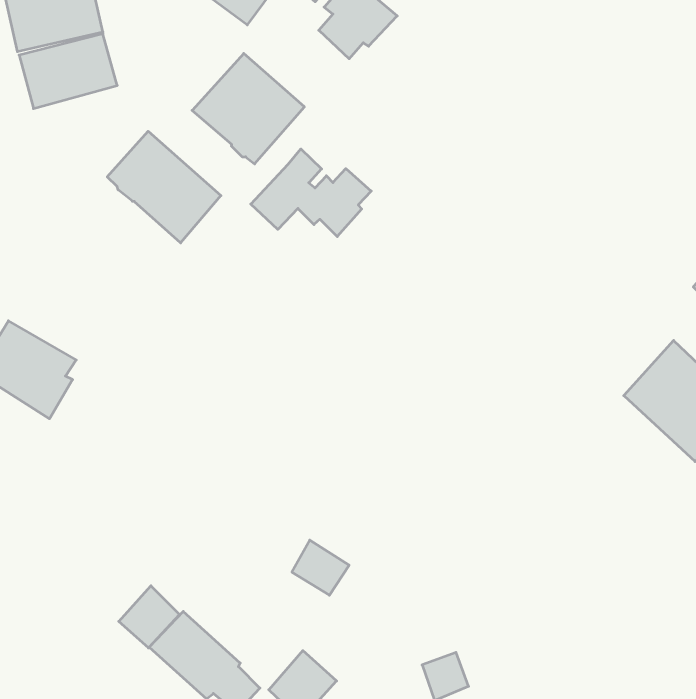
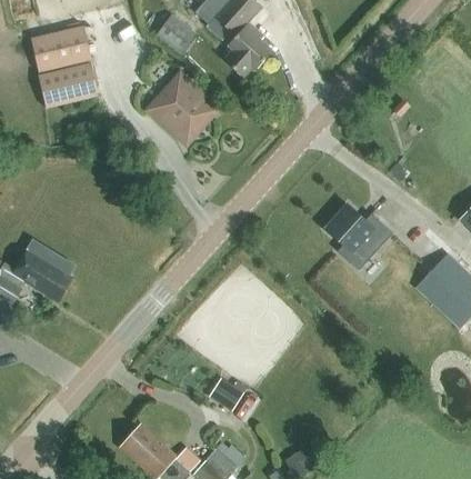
building: [107,131,221,243] -> none
building: [251,149,371,237] -> none
building: none -> [325,204,392,269]
building: [119,586,179,648] -> none

